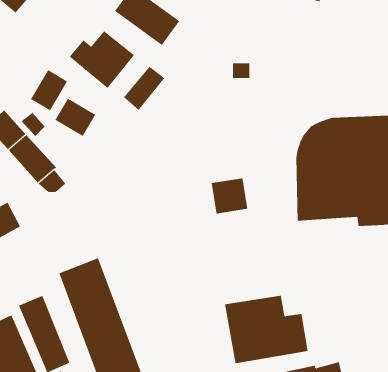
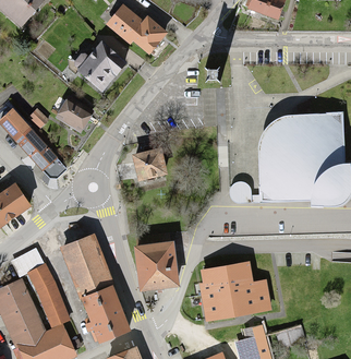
building: [123,66,165,111] -> none
building: [30,69,68,111] -> none
building: [211,178,248,214] -> [134,148,166,179]
building: none -> [136,242,180,291]

